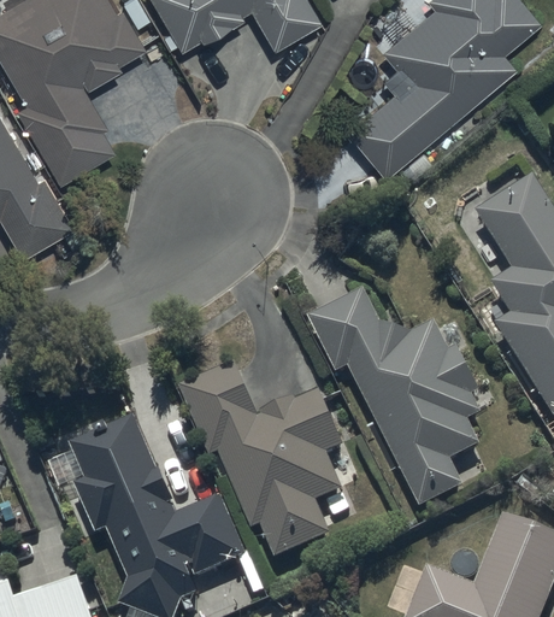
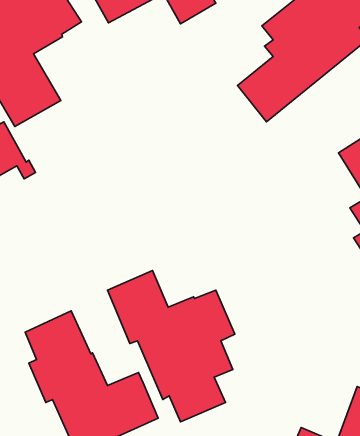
building: [307,287,479,506] -> none

